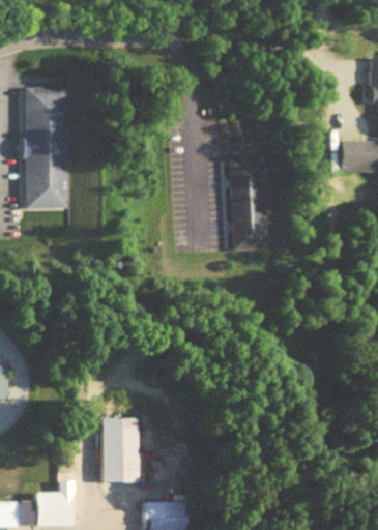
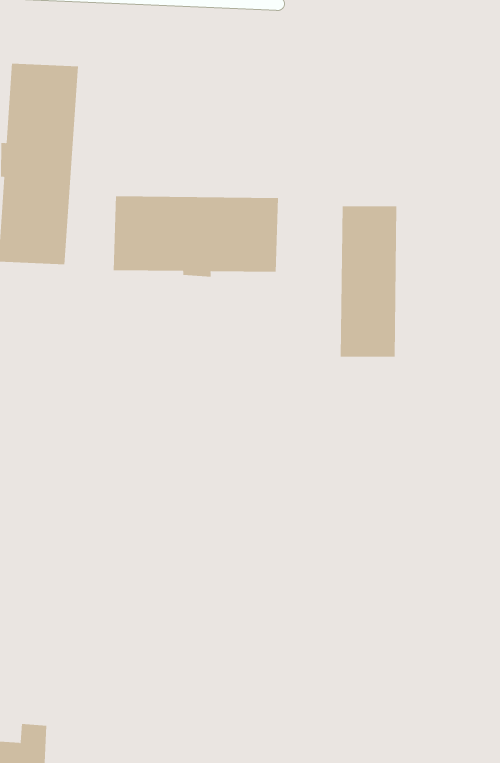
building: none -> [113,196,279,278]
building: [99,419,136,482] -> none

